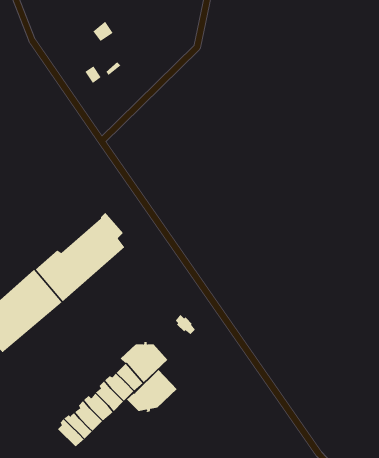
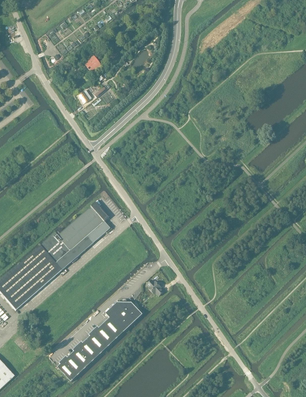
building: [126,369,177,413] -> none

